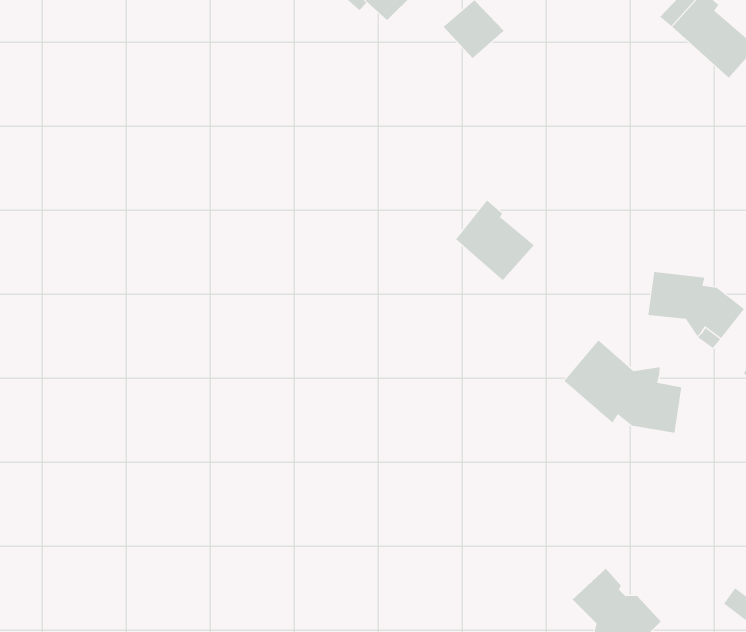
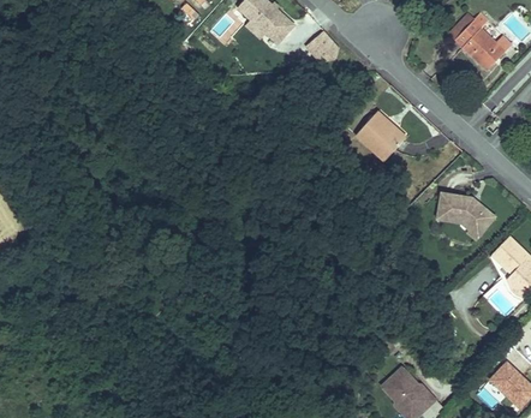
building: [455,199,535,281] -> [363,109,411,159]
building: [563,339,682,433] -> none

